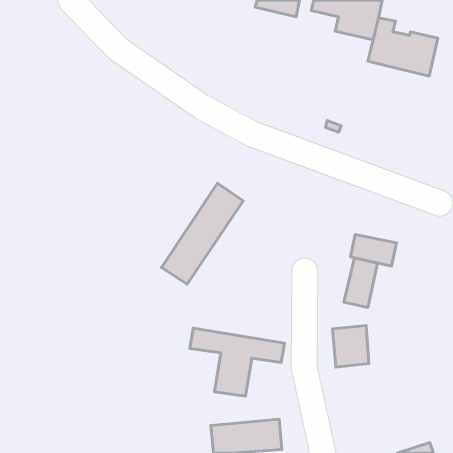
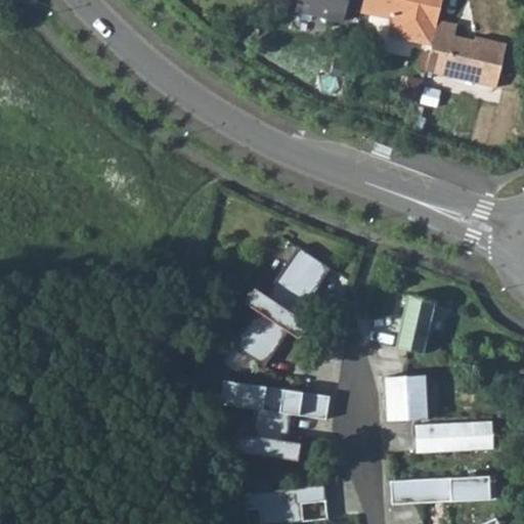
building: [162,183,243,284] -> [235,248,330,364]
building: [350,234,397,266] -> none
building: none -> [412,421,509,454]
building: none -> [390,476,493,506]

